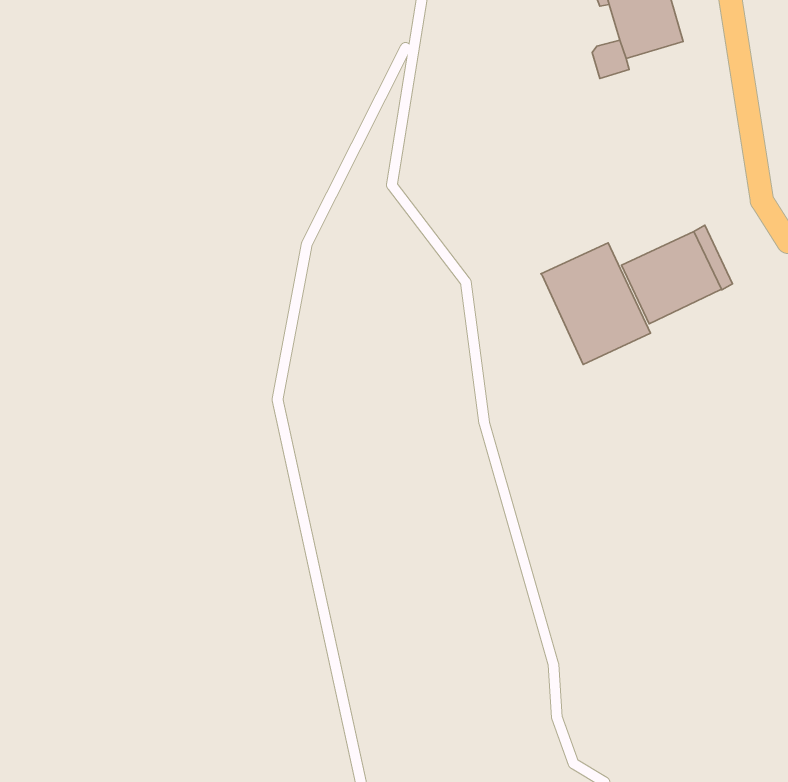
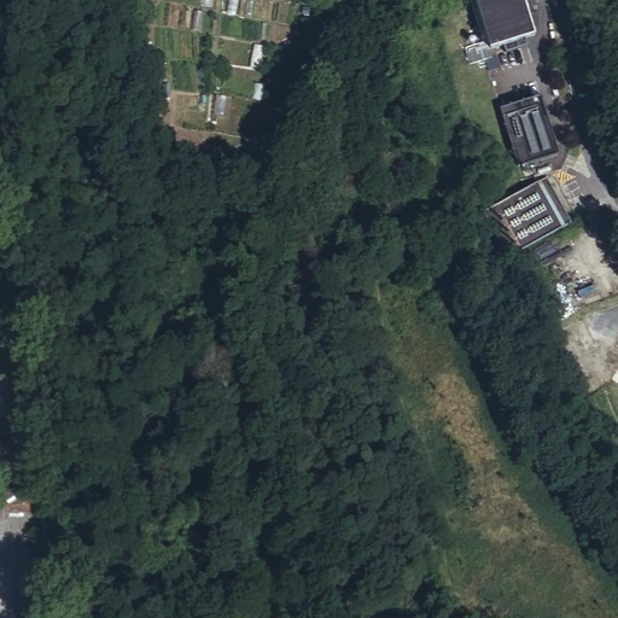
building: none -> [501,92,560,163]
building: [541,243,651,364] -> none

